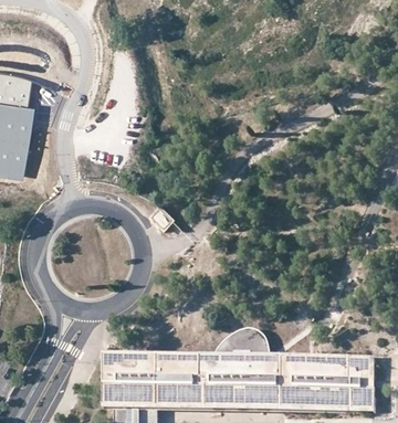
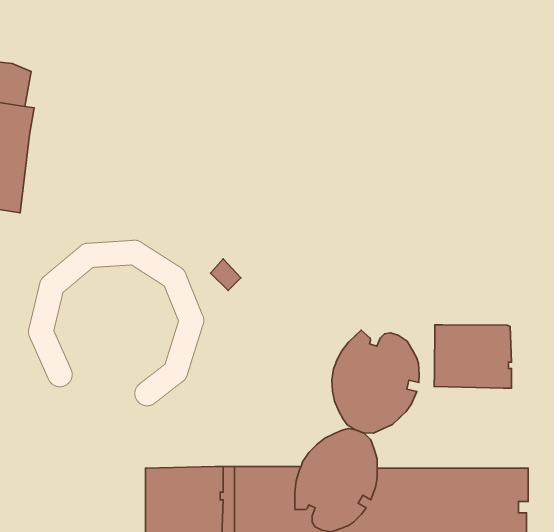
building: none -> [434,325,512,388]
building: none -> [332,330,419,433]

